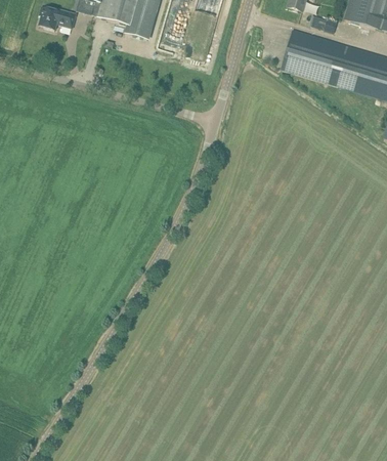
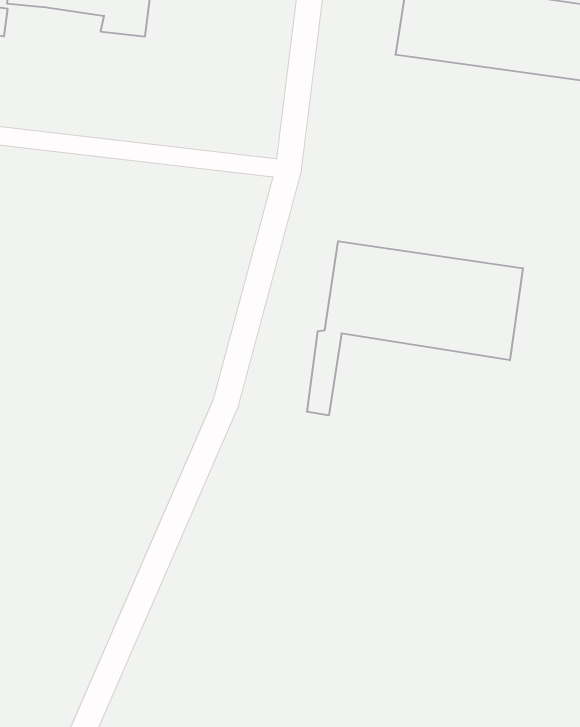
building: none -> [307,241,523,415]

